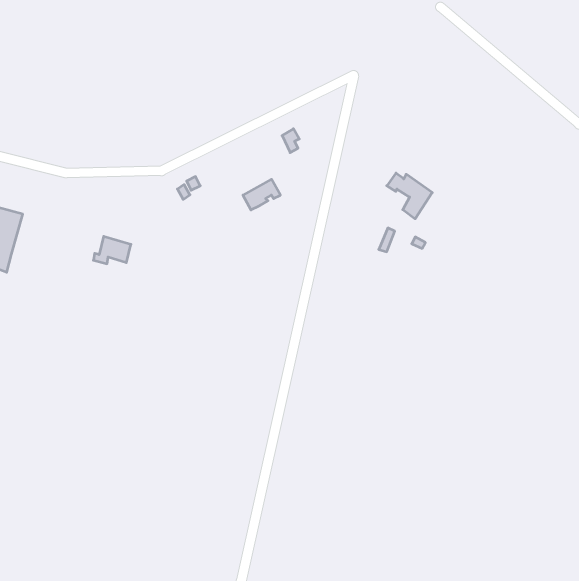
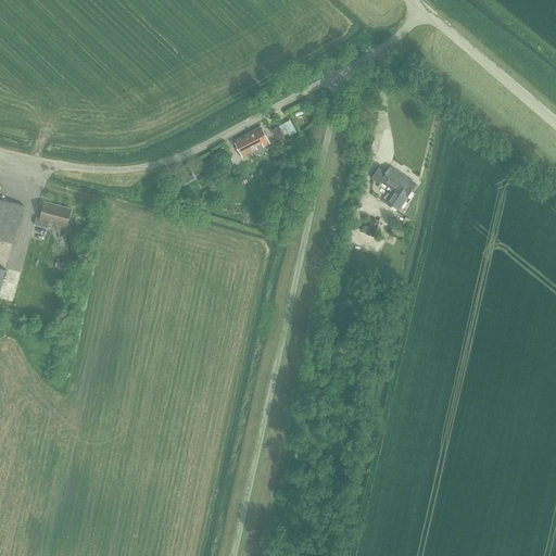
building: [243,179,280,210] -> [232,127,268,156]
building: [93,236,131,264] -> [33,201,68,227]

